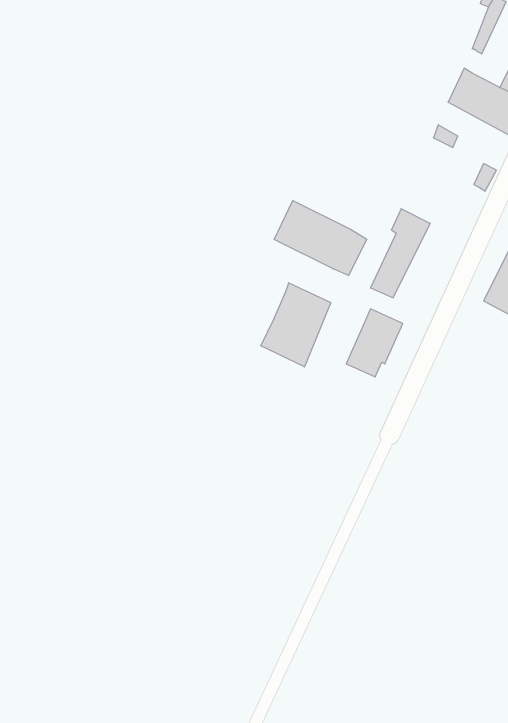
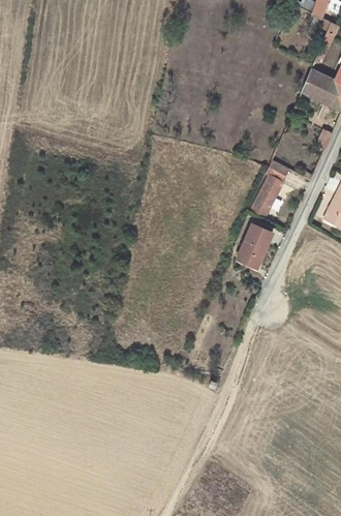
building: [274,200,367,276] -> none
building: [261,283,331,367] -> none

